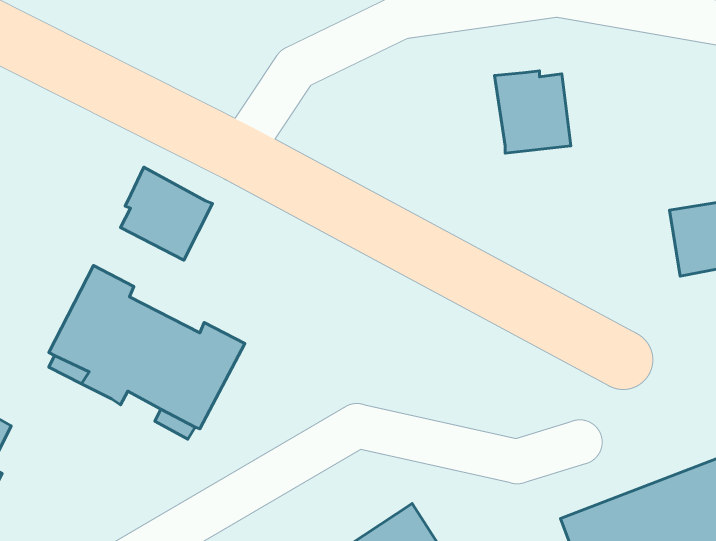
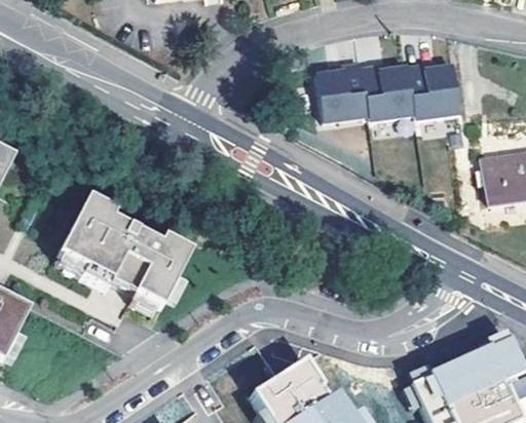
building: none -> [317,61,370,120]
building: none -> [409,62,461,118]
building: [120,167,212,260] -> none

